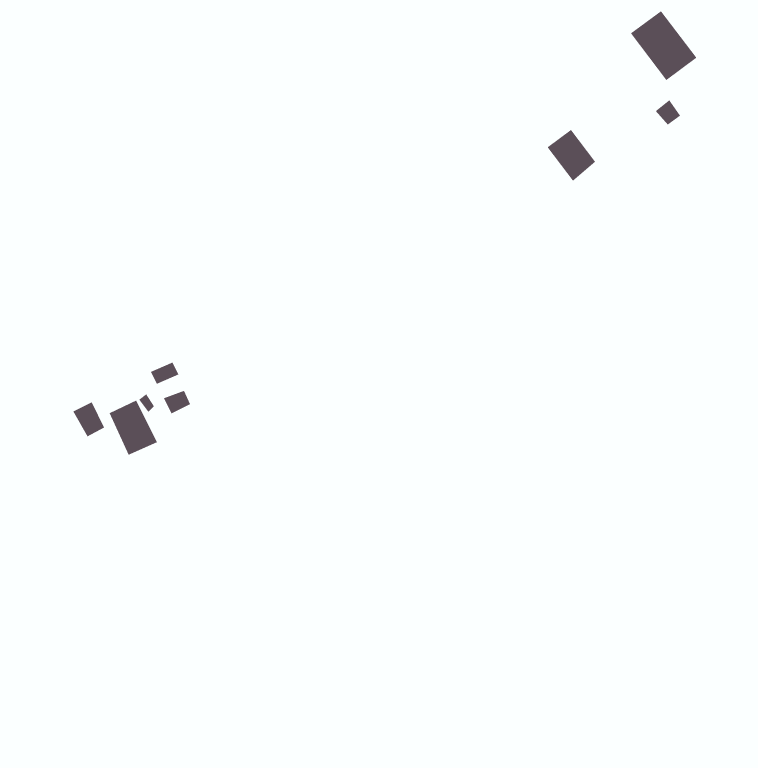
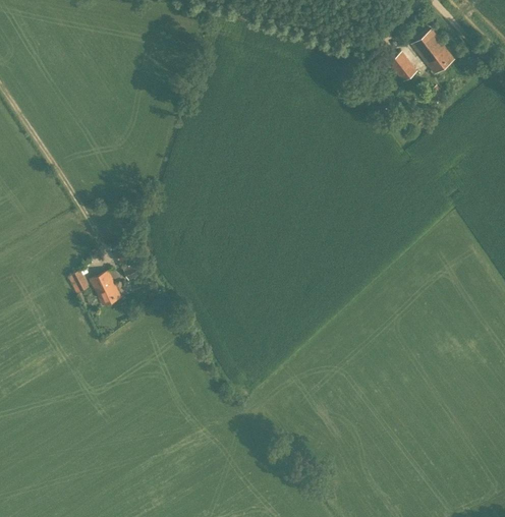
building: [547,129,596,182] -> [388,51,418,83]

